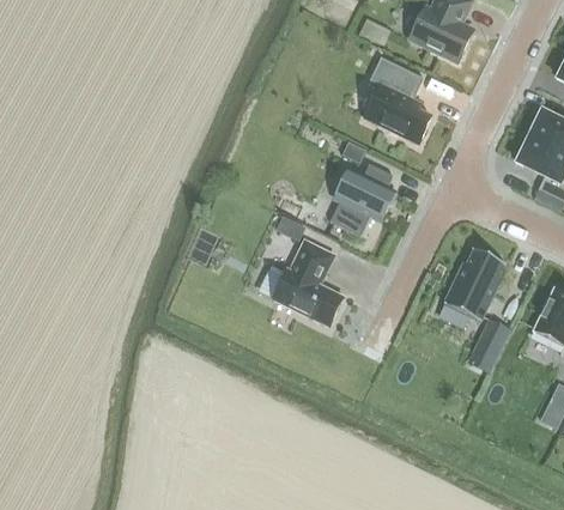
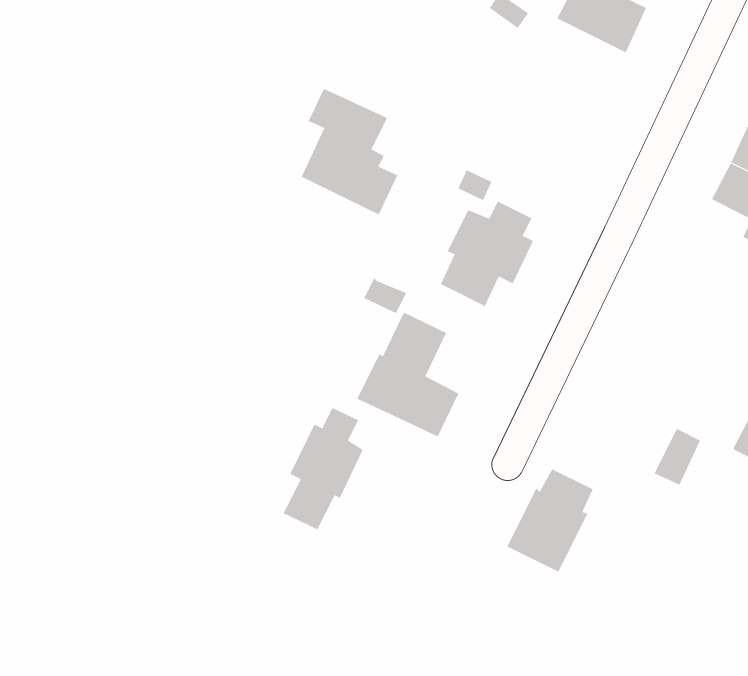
building: [364,55,431,142] -> [301,88,398,215]
building: [447,249,507,321] -> [507,468,594,573]
building: none -> [283,407,364,530]

